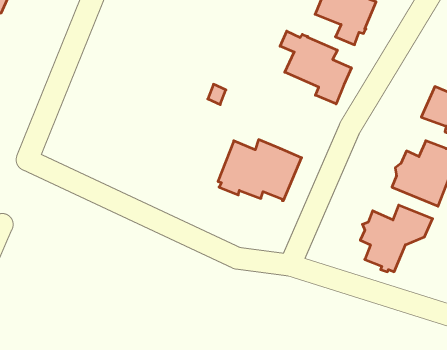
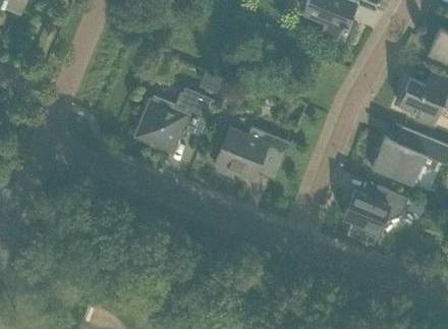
building: [280,31,351,104] -> none
building: none -> [134,88,217,152]

